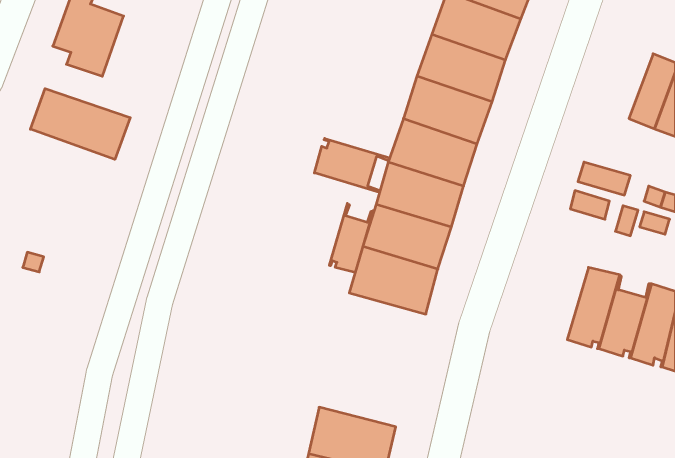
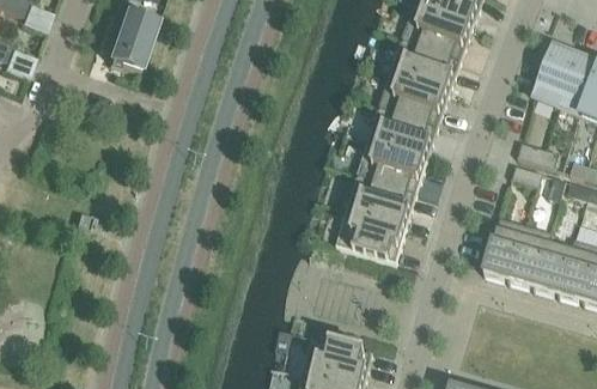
building: none -> [535,45,578,105]
building: [30,89,130,159] -> none
building: [314,138,390,192] -> none
building: [329,203,373,273] -> none
building: none -> [485,215,526,281]

